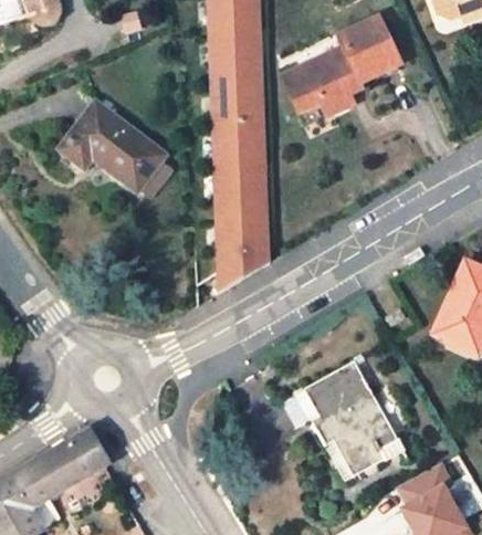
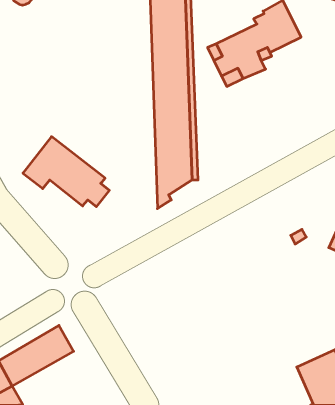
building: [60,102,170,191] -> [23,137,109,207]
building: [305,363,404,475] -> none

